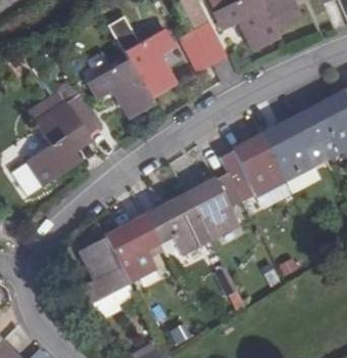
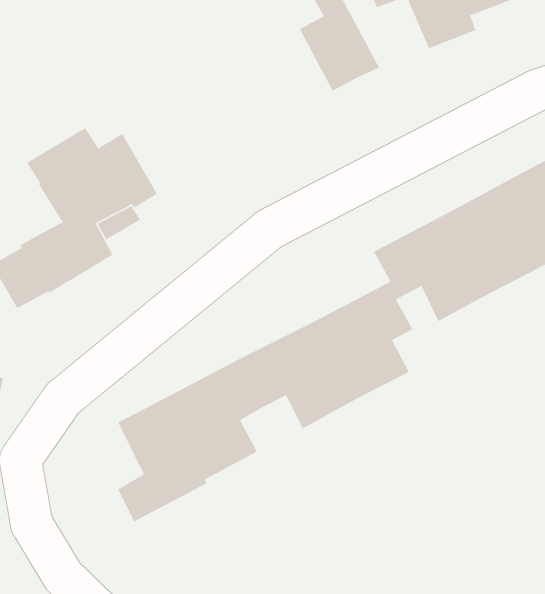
building: [89,27,176,115] -> none

